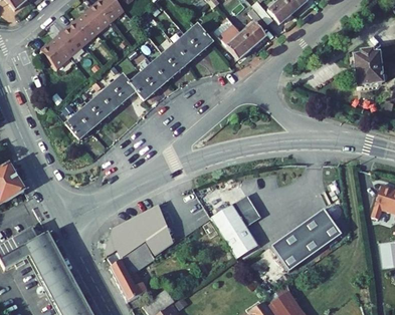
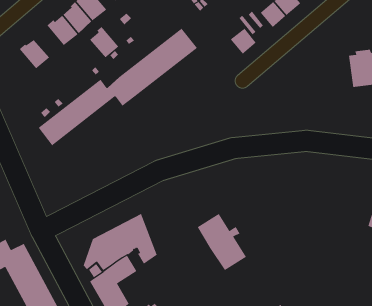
building: [56,26,84,56] -> [89,26,119,58]
building: [217,26,253,64] -> none
building: [231,193,260,222] -> none
building: [270,207,341,269] -> none

